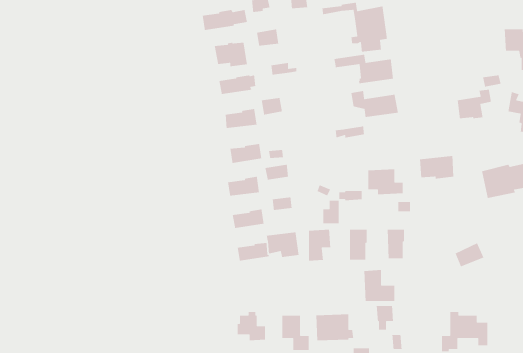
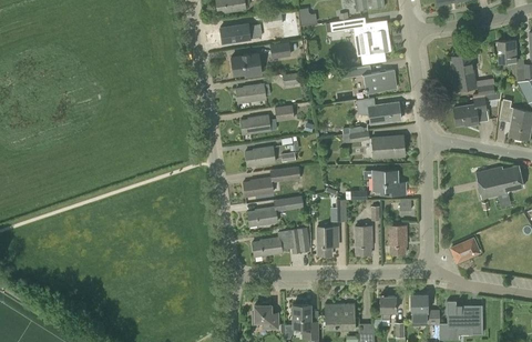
building: none -> [450,52,475,90]
building: [419,155,454,179] -> [372,134,405,157]
building: [364,269,395,302] -> [411,294,440,324]

